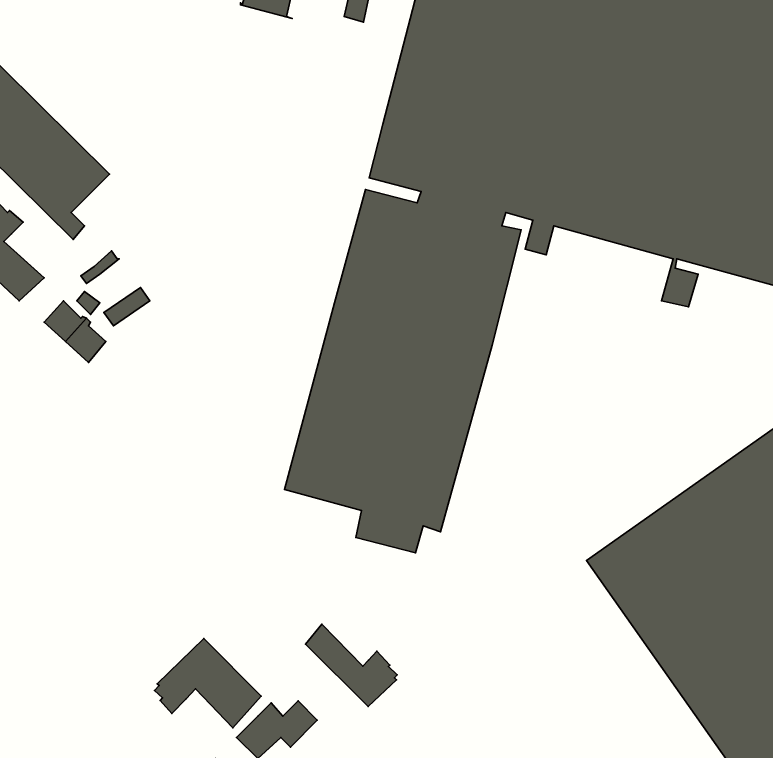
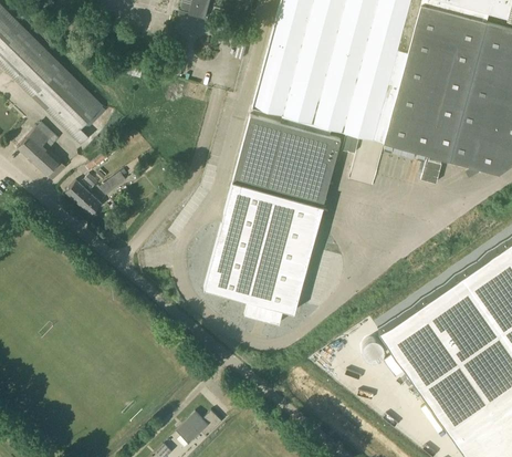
building: [306,624,397,707] -> none
building: [155,639,261,728] -> none

